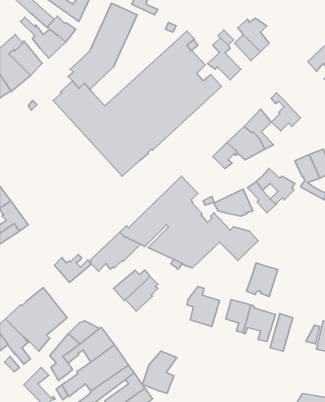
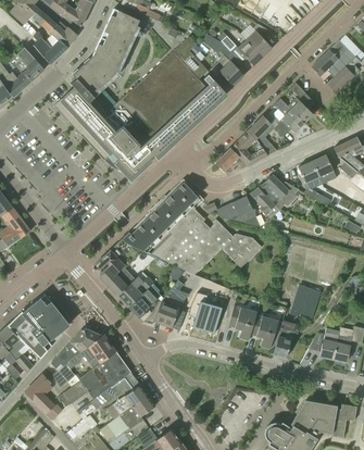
building: none -> [287,83,313,123]
building: [54,254,91,282] -> [100,266,137,295]
building: [246,263,278,297] -> [289,285,321,318]
building: [142,351,177,393] -> [153,287,188,329]

